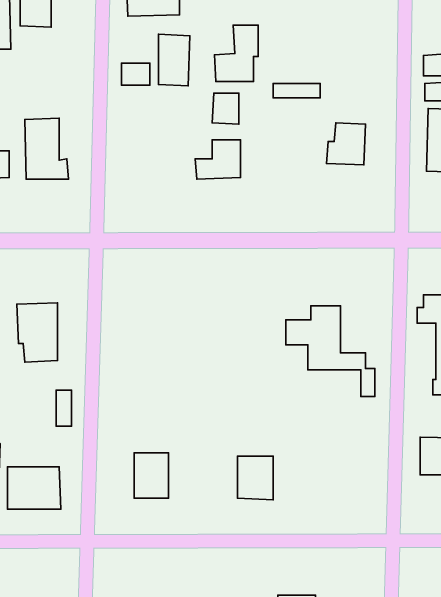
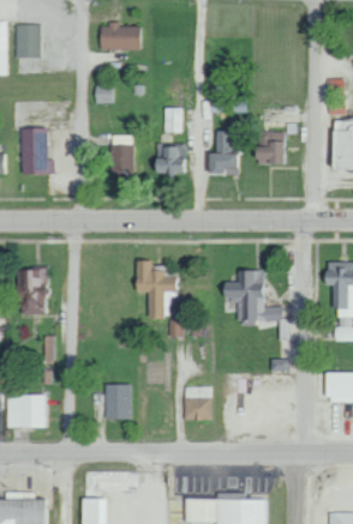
building: [214,25,258,82] -> [205,131,239,174]
building: [159,34,190,86] -> [110,134,134,174]
building: none -> [132,261,175,318]

